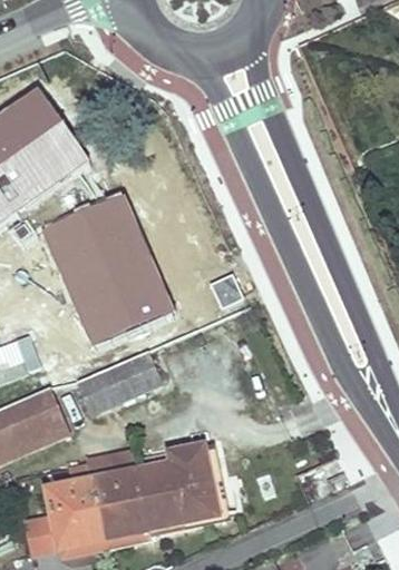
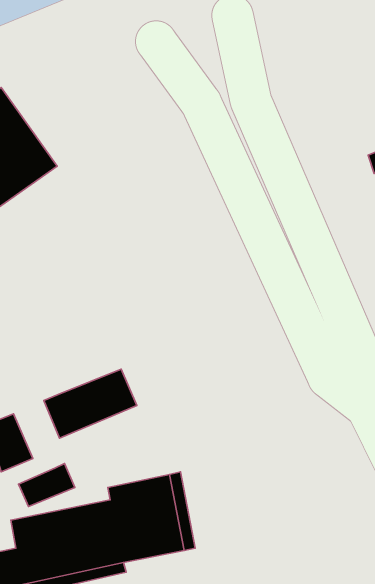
building: [42,194,176,347] -> none
building: none -> [18,464,75,507]

